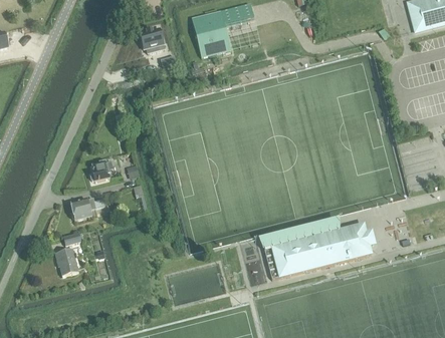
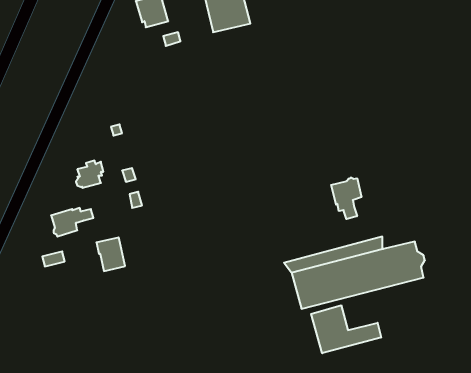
building: none -> [331,177,361,219]
building: [56,251,79,278] -> [96,237,125,271]
building: none -> [311,305,381,353]

